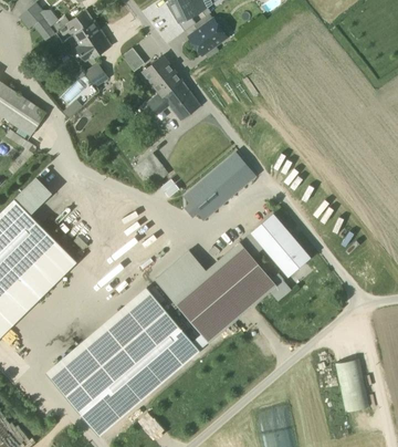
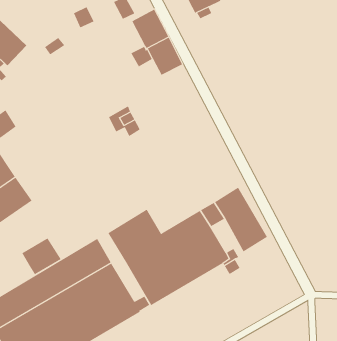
building: [186,154,254,218] -> none
building: none -> [21,237,62,276]

